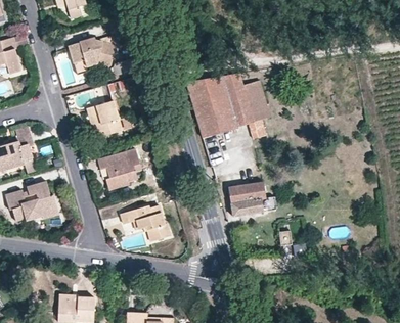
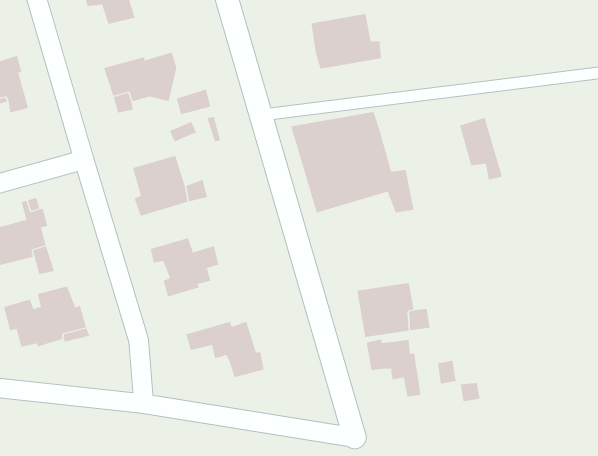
building: none -> [311,13,382,69]
building: [243,79,271,119] -> [459,117,503,180]
building: none -> [366,338,421,397]

